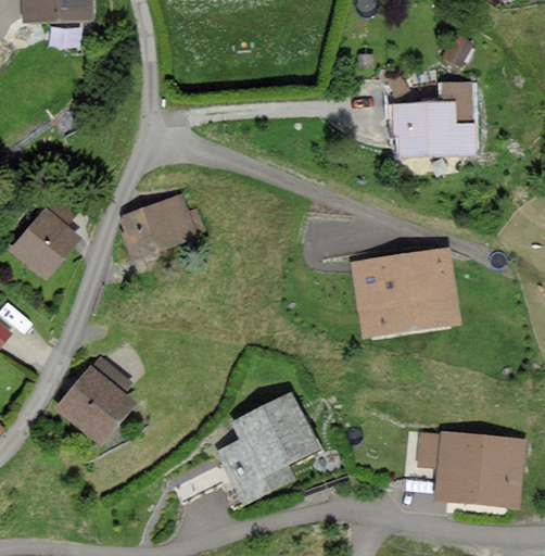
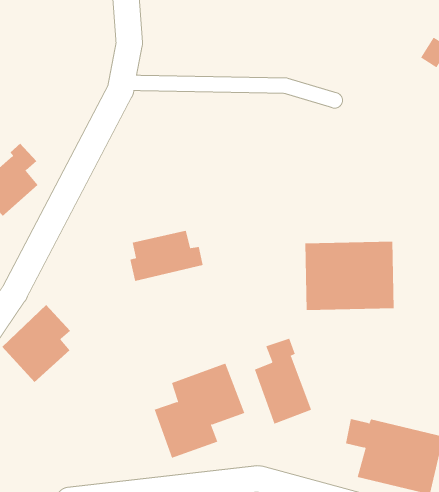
building: [400,87,468,152] -> none
building: [125,197,201,255] -> [130,230,204,281]
building: none -> [254,338,312,424]

